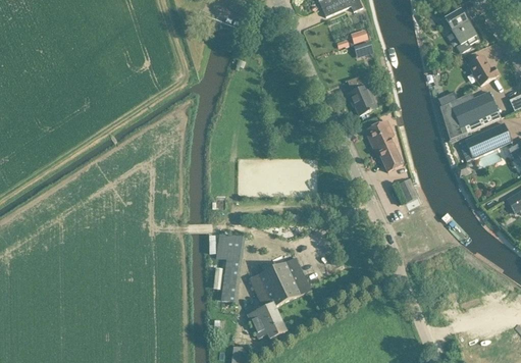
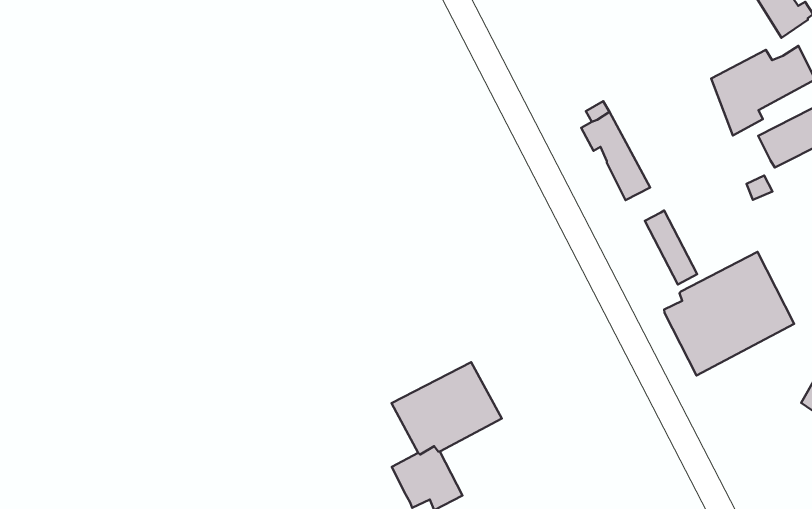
building: [347,72,376,113] -> none
building: none -> [664,252,794,376]
building: [215,231,246,301] -> none

